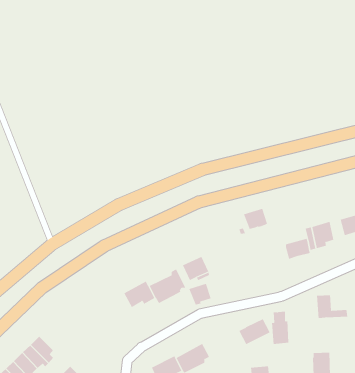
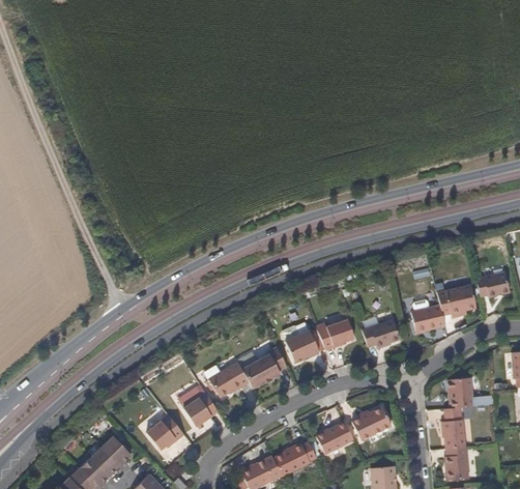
building: [243,208,268,230] -> [362,322,393,349]
building: [189,283,212,305] -> [325,321,354,349]
building: none -> [182,392,218,427]
building: [271,311,289,345] -> [445,406,468,449]
building: none -> [146,415,184,454]
building: none -> [318,422,356,456]

